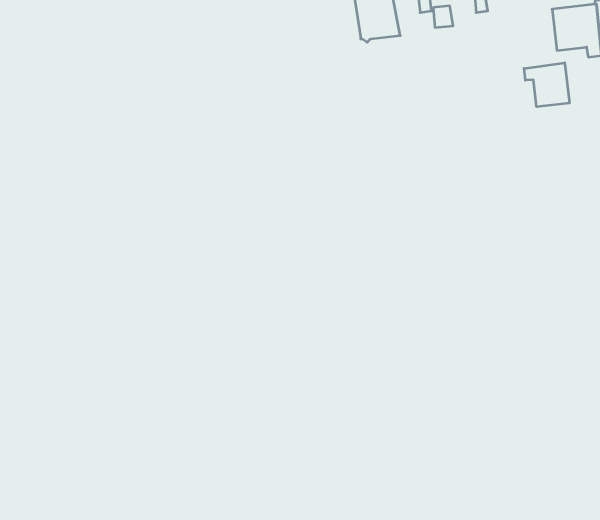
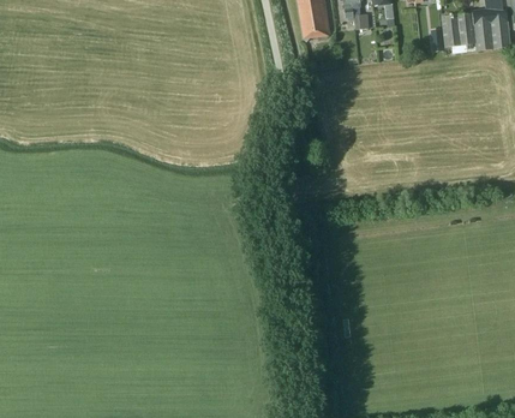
building: [524,63,569,107] -> none

